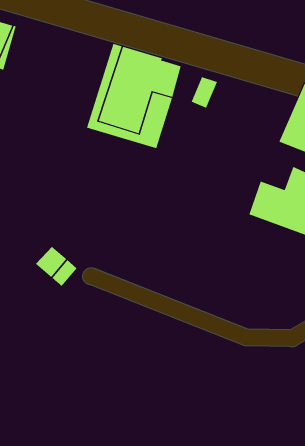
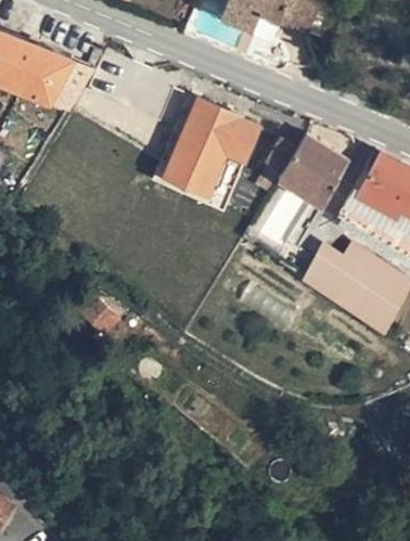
building: none -> [270,137,351,214]

